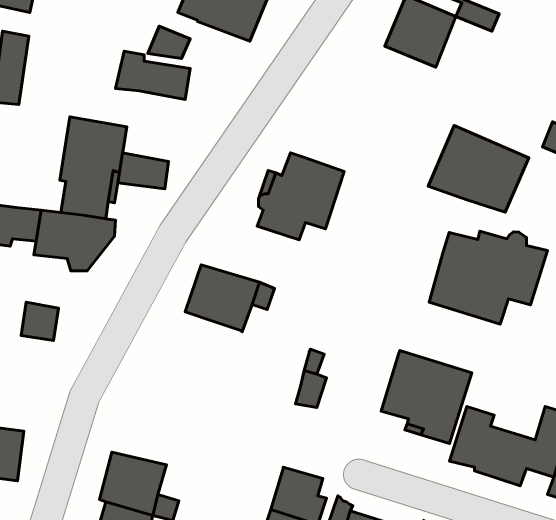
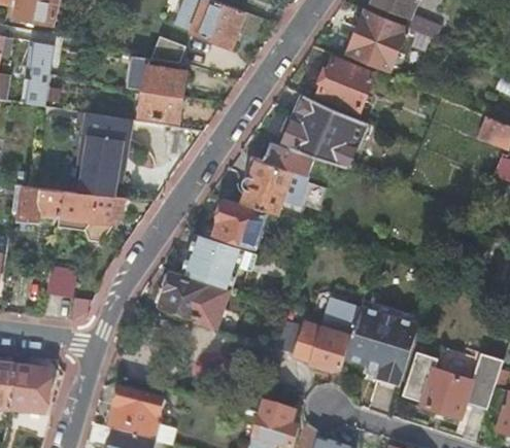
building: none -> [317,58,373,111]
building: [428,125,529,212] -> [281,95,365,167]
building: [118,153,169,189] -> [139,90,181,119]
building: none -> [214,200,265,246]
building: [429,231,547,324] -> none
building: none -> [159,272,228,329]
building: none -> [294,301,359,369]

